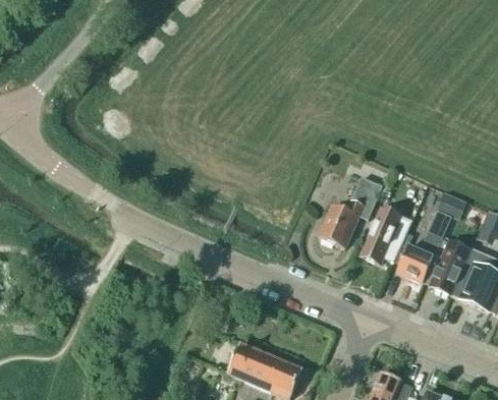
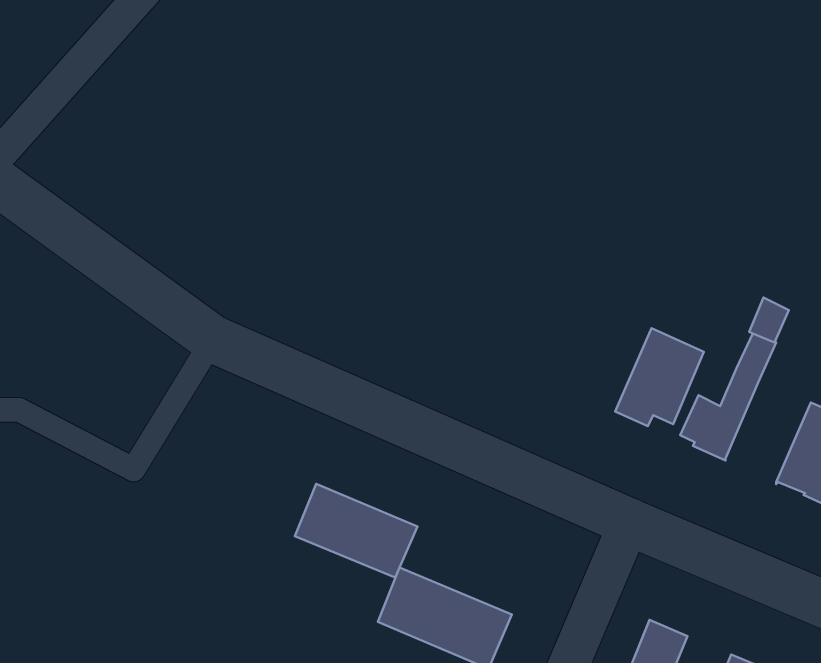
building: [319,176,383,247] -> none
building: [424,238,472,294] -> none
building: none -> [295,484,417,578]

